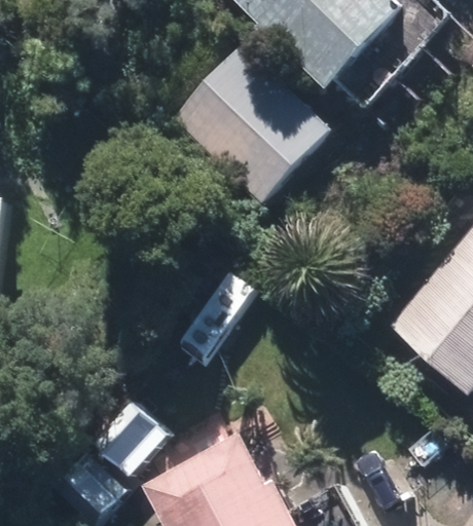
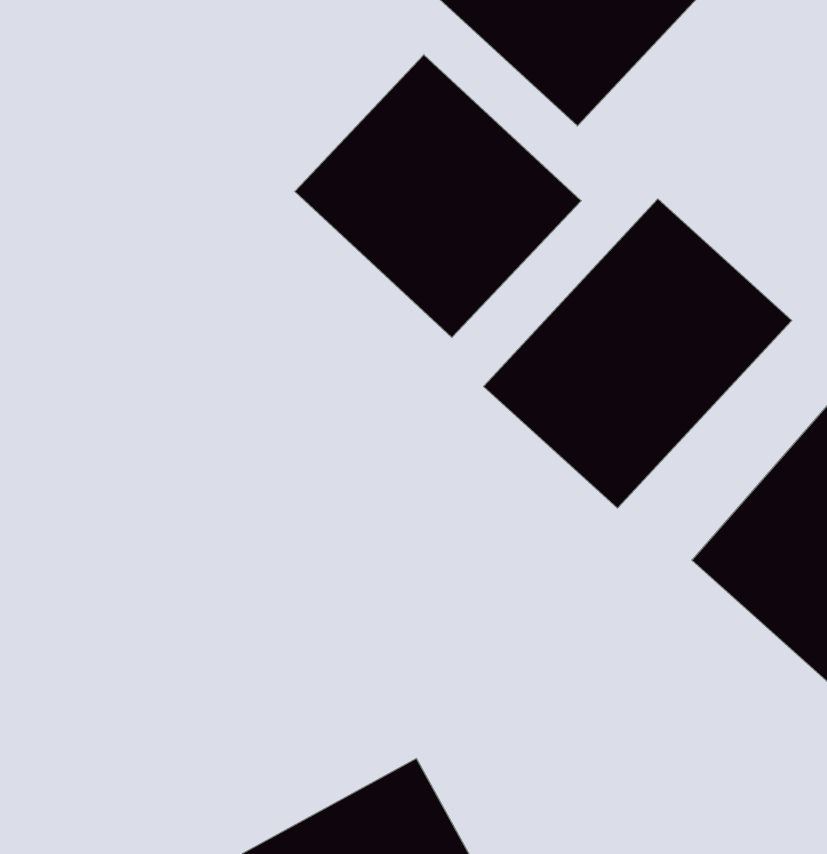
building: none -> [484,199,792,508]

